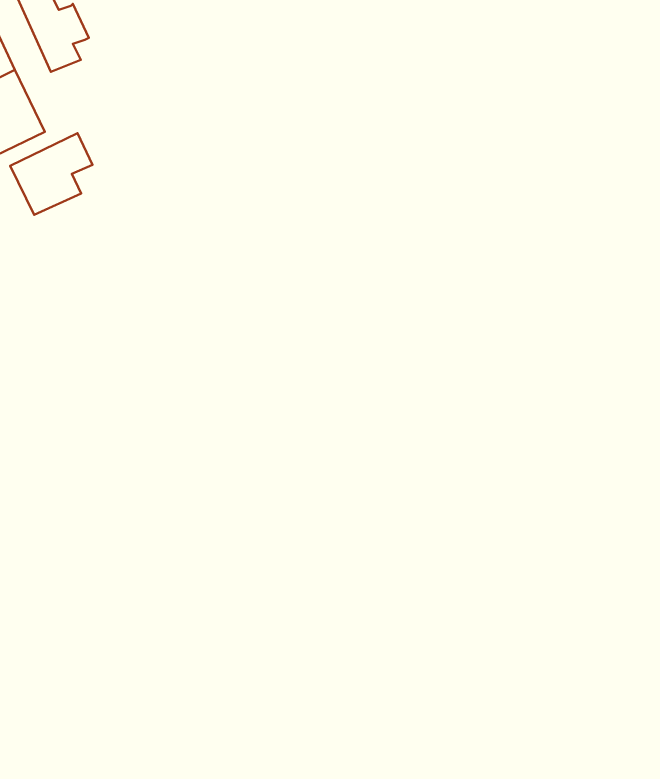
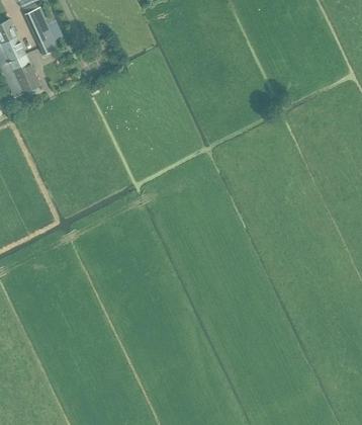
building: [10,133,92,215] -> none

